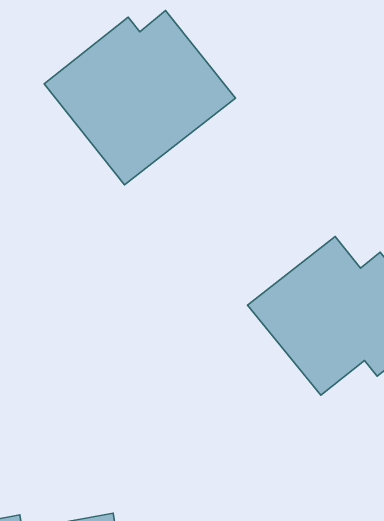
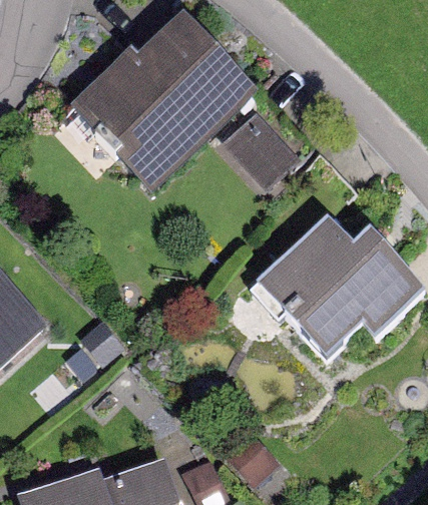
building: none -> [227,102,310,186]

